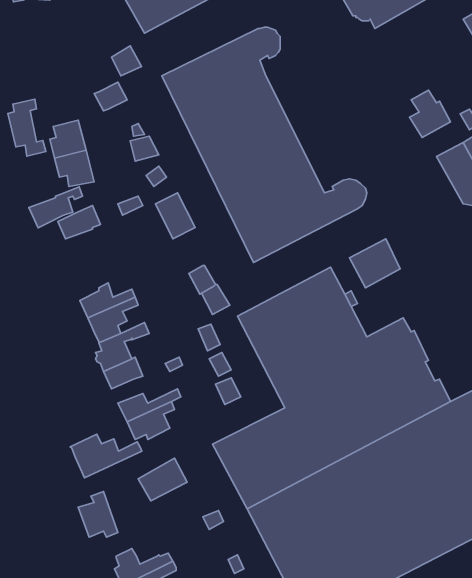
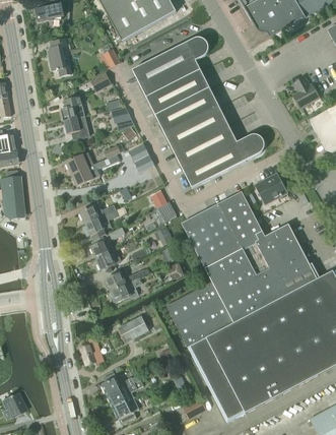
building: [8,99,46,156] -> [47,40,71,76]
building: [29,187,82,228] -> [71,160,106,186]
building: [70,434,142,478] -> none

